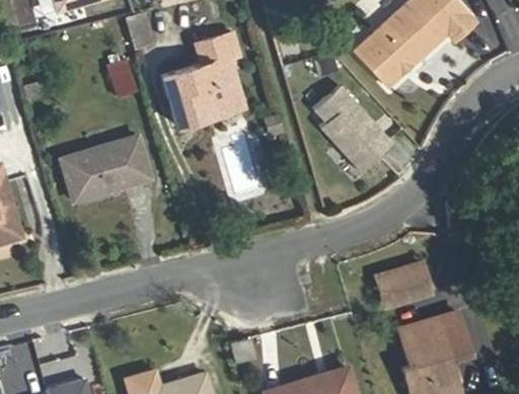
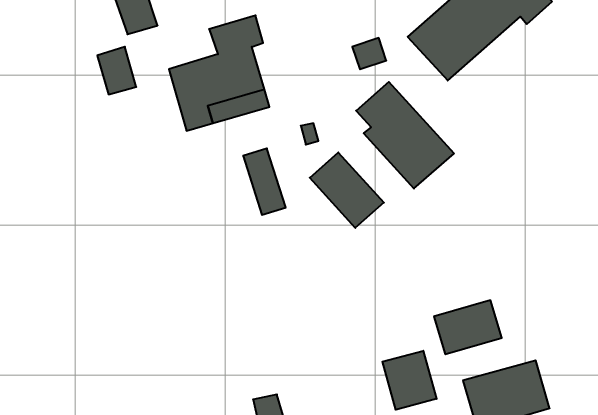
building: [61,135,151,202] -> none
building: none -> [310,152,384,228]
building: none -> [382,351,437,410]

